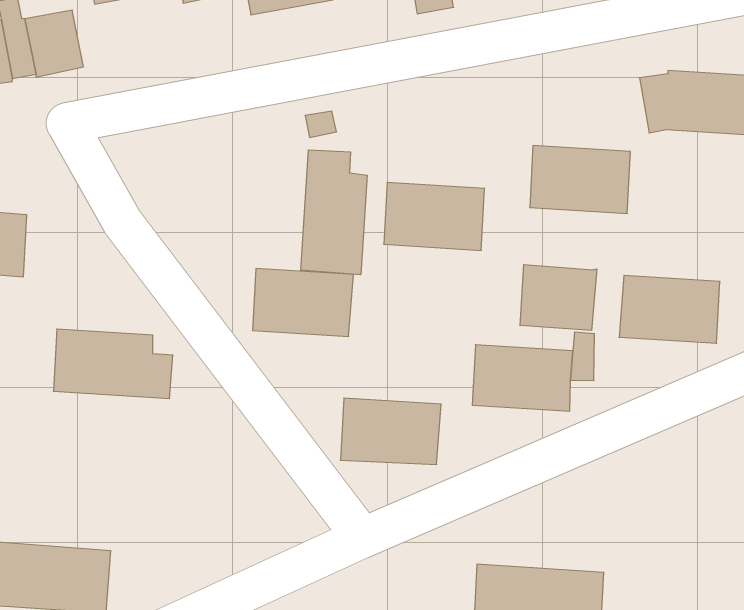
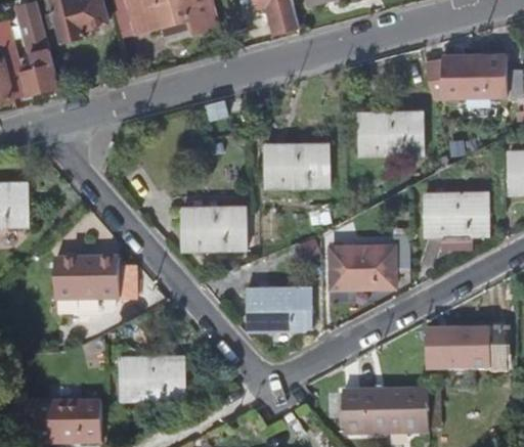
building: [301,150,367,275] -> none
building: [520,264,597,330] -> none
building: none -> [427,327,504,369]
building: none -> [121,358,185,401]

